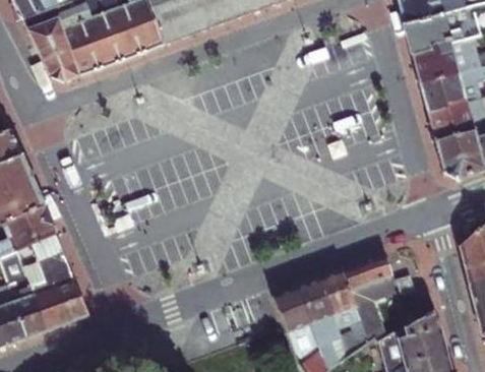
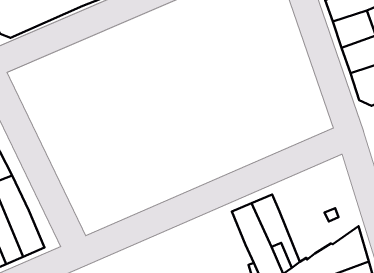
building: [343,254,401,346] -> none
building: [274,286,310,333] -> none

